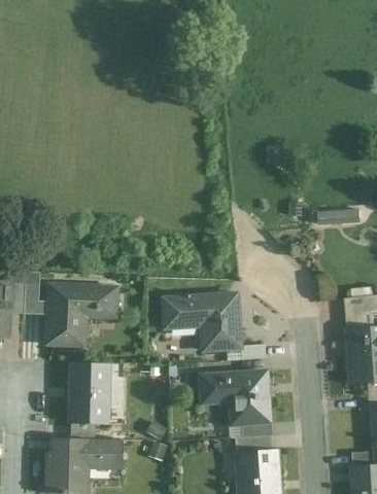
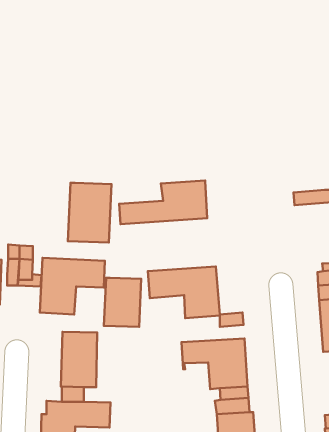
building: none -> [119,181,207,224]
building: none -> [68,183,111,242]
building: none -> [104,278,141,327]

